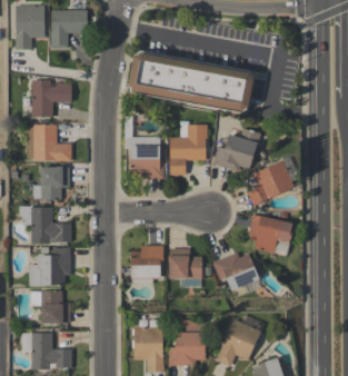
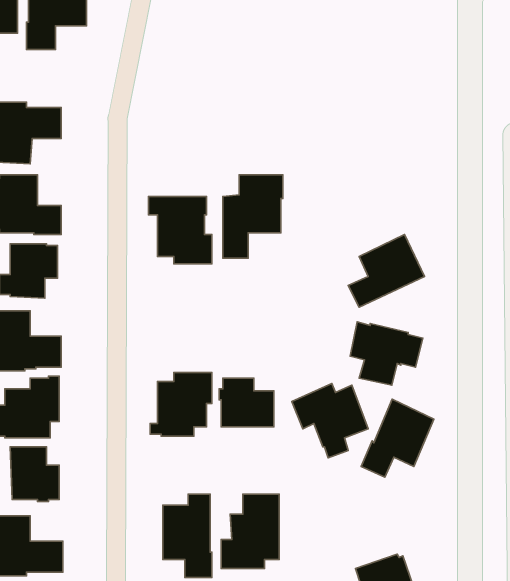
building: [128,50,252,112] -> none
building: [212,128,260,171] -> none
building: [216,318,260,366] -> [361,399,434,477]

